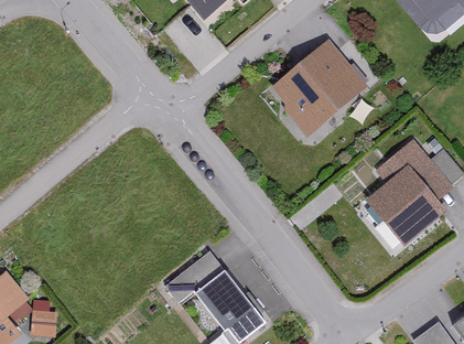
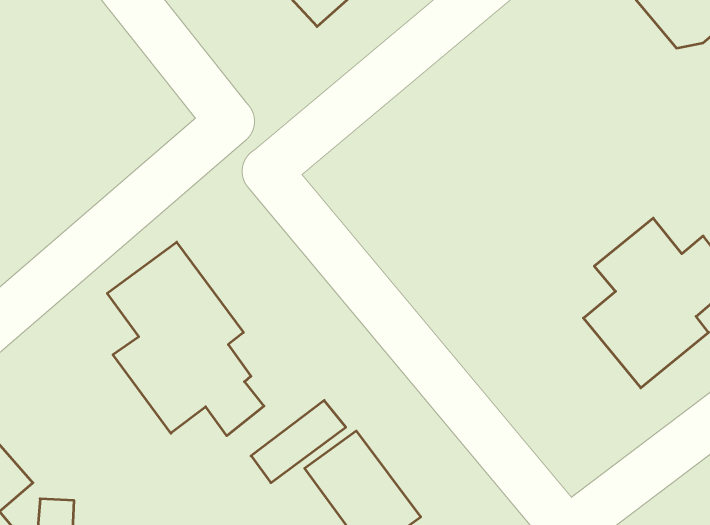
building: [271,41,366,137] -> none
building: none -> [107,242,264,436]

